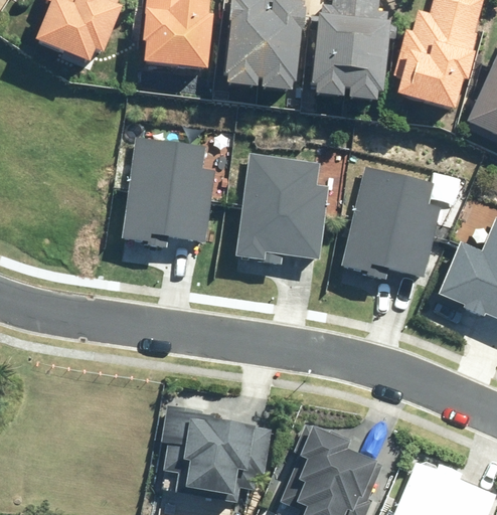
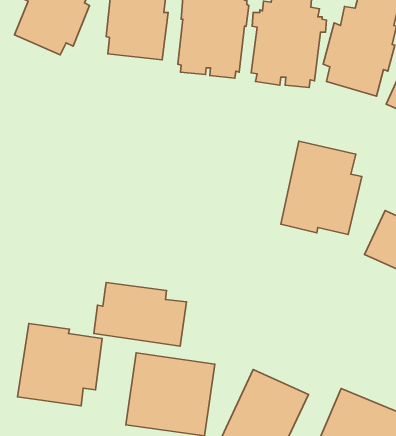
building: [125,137,212,241] -> none
building: [239,154,327,261] -> none
building: none -> [94,282,186,346]
building: none -> [18,324,102,406]

